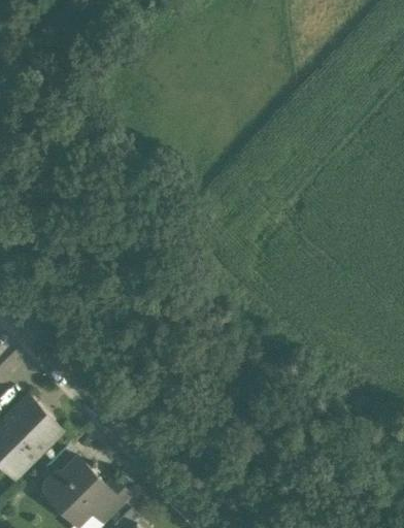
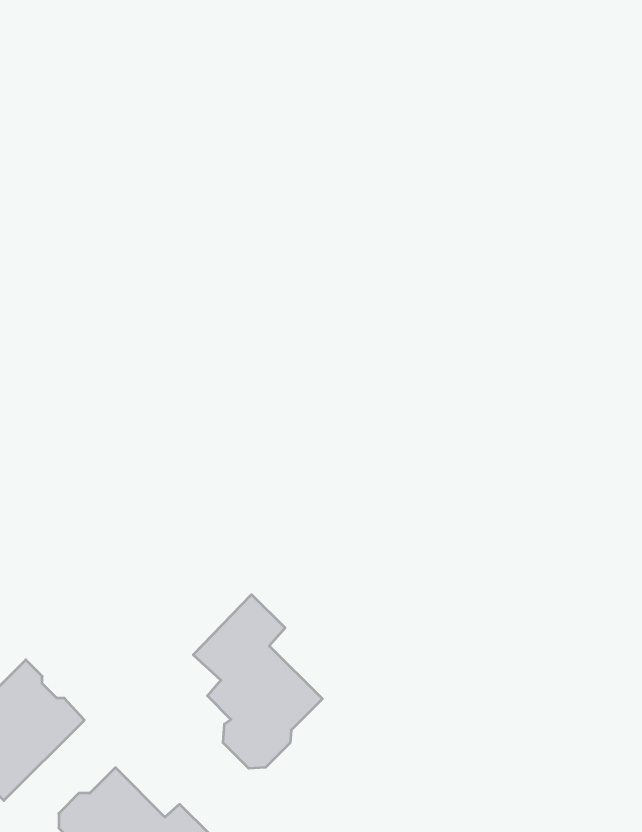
building: none -> [193,595,322,768]

